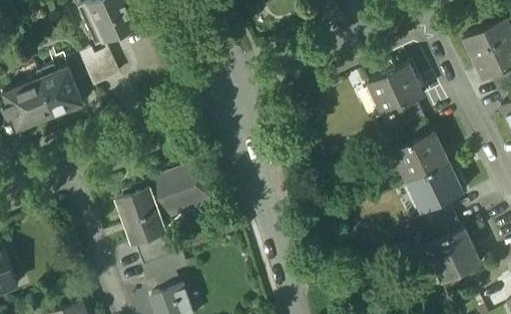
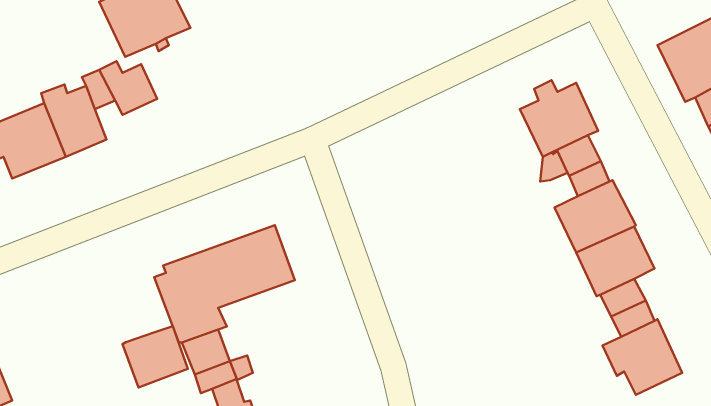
building: none -> [123,326,188,388]

